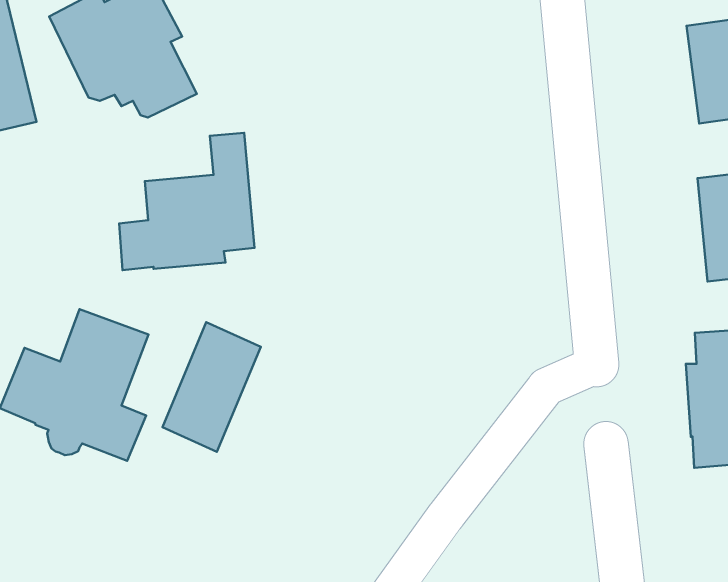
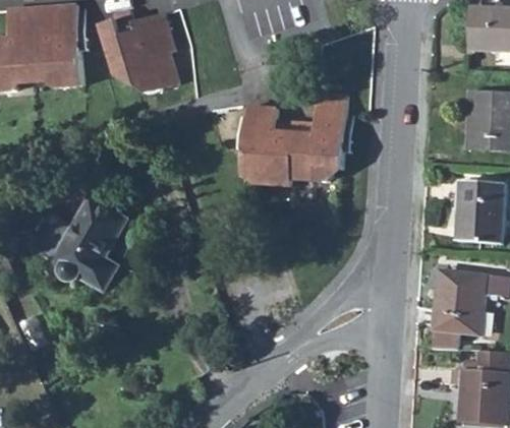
building: none -> [242,93,347,186]
building: [119,133,255,270] -> none
building: [162,322,261,452] -> none

